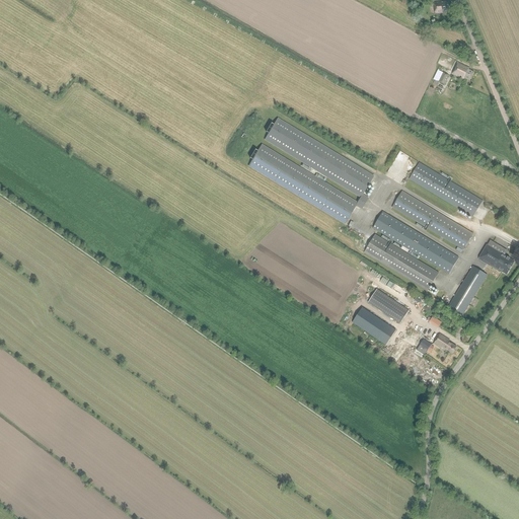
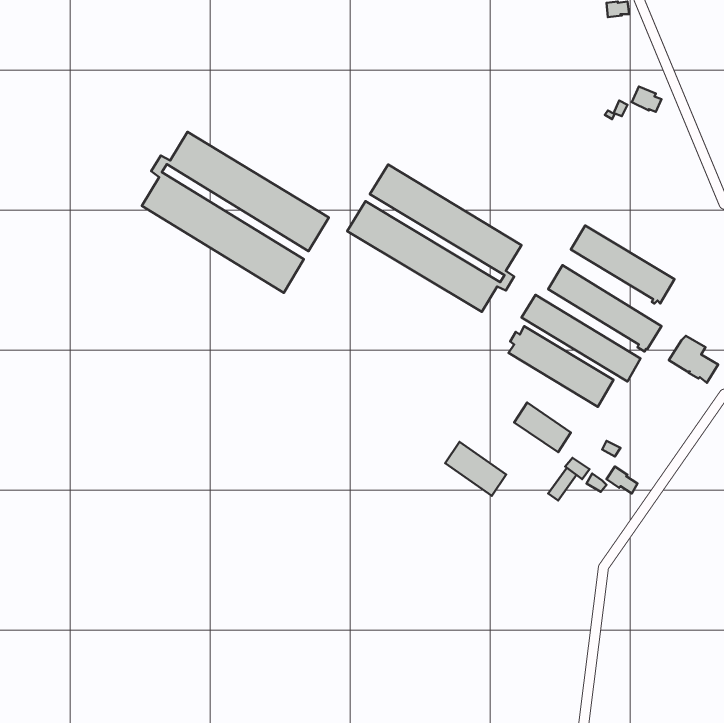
building: none -> [142,132,329,293]
building: [447,266,488,317] -> none
building: [353,305,396,344] -> [445,442,506,496]

